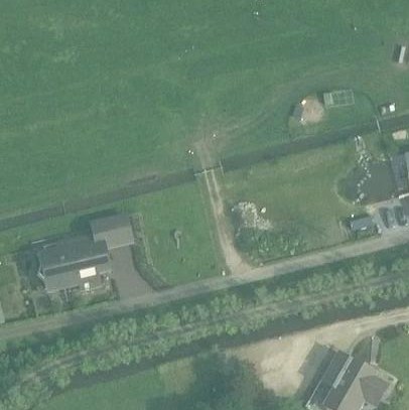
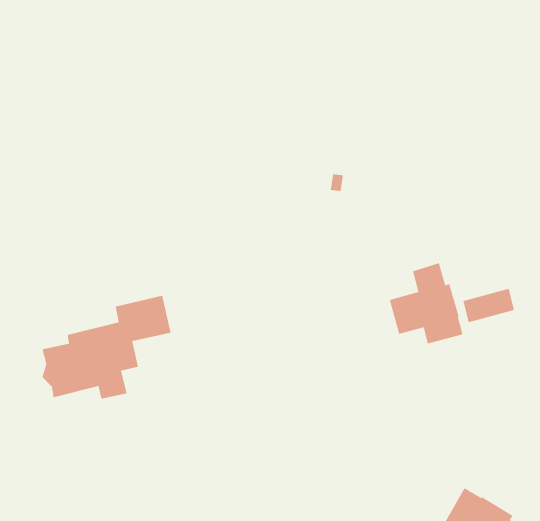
building: none -> [389,262,464,344]

